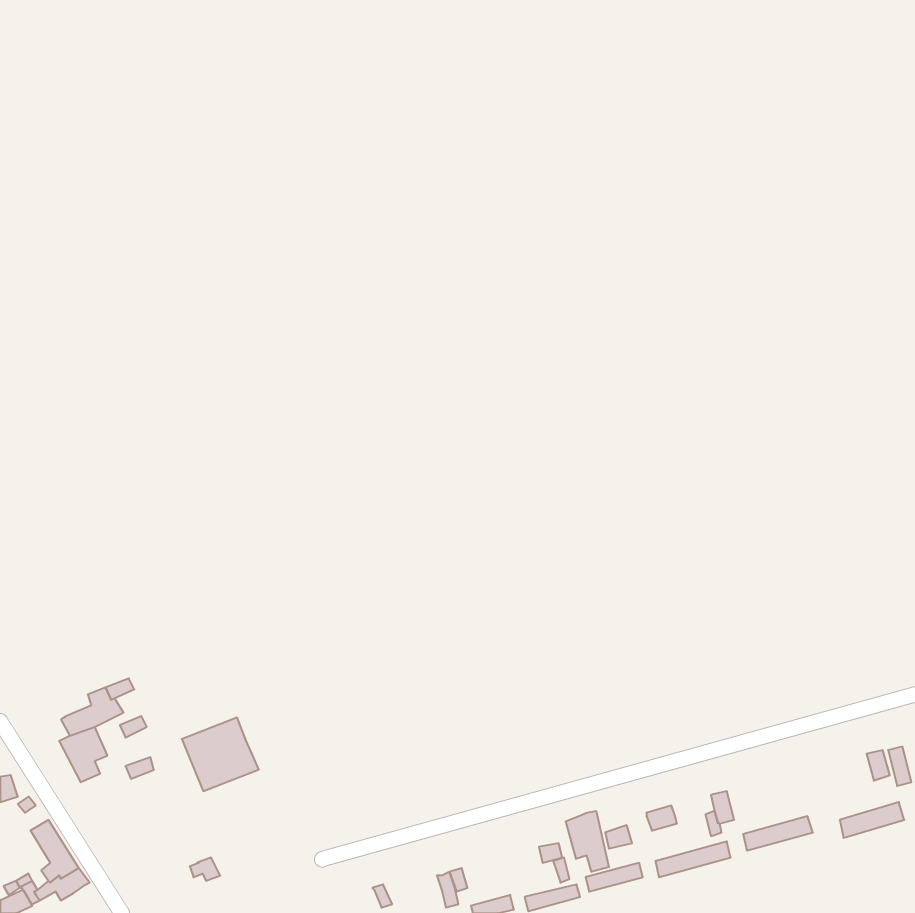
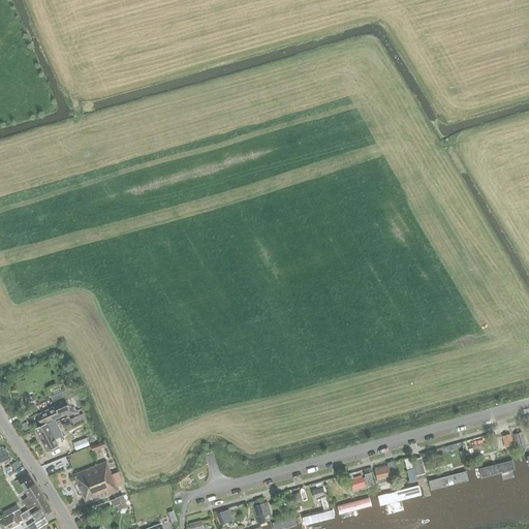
building: [182,718,259,791] -> [73,461,118,503]
building: [566,811,609,872] -> none

